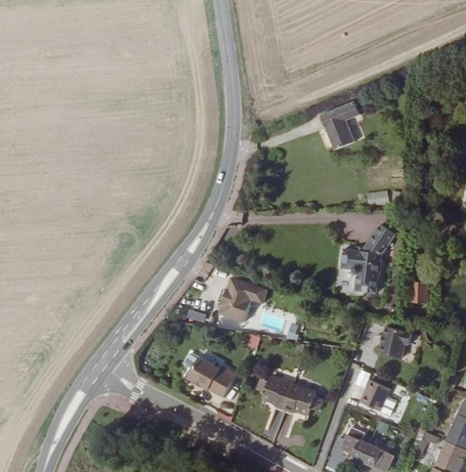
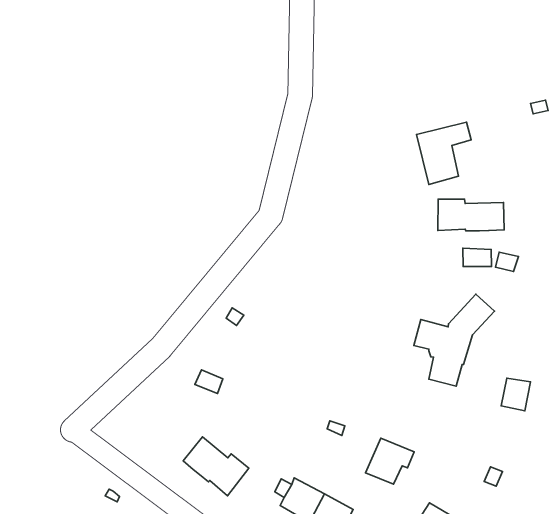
building: none -> [438,199,504,231]
building: [219,276,267,320] -> none
building: [380,327,413,358] -> [366,438,414,484]

